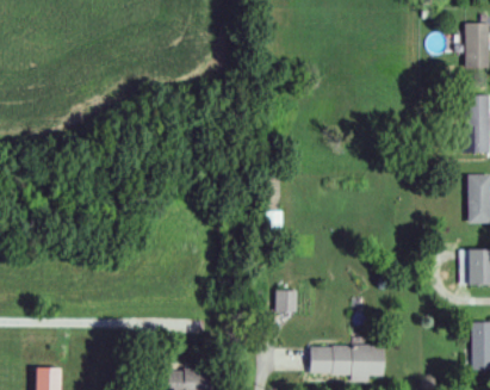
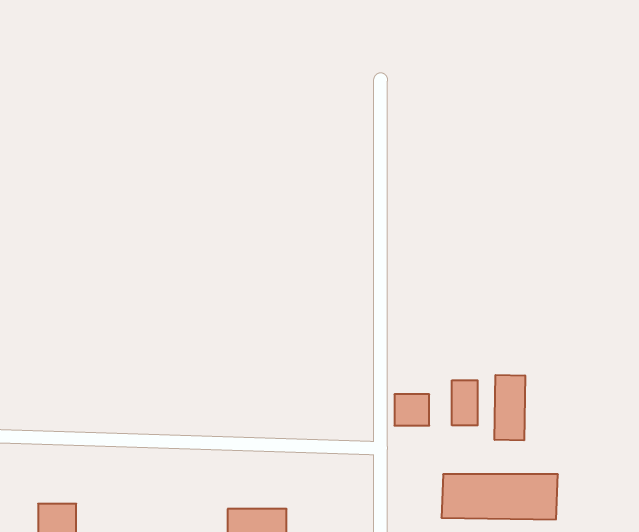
building: none -> [495,375,525,440]
building: none -> [452,380,478,425]

